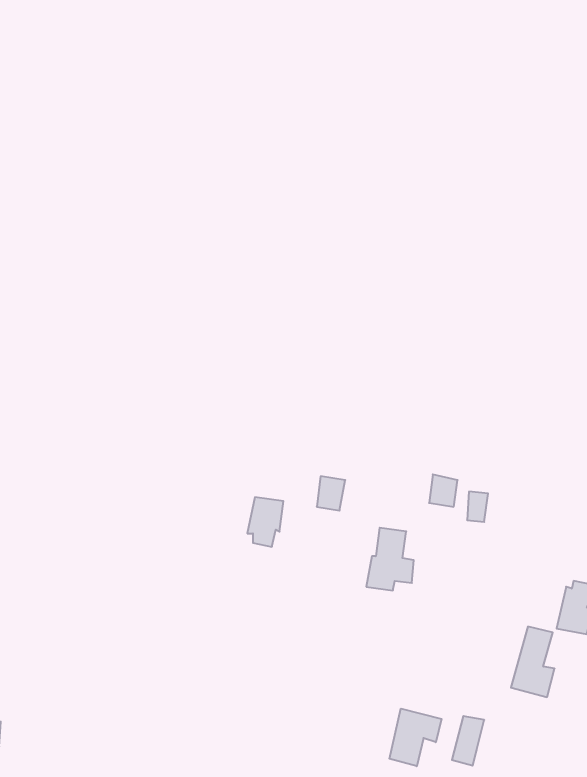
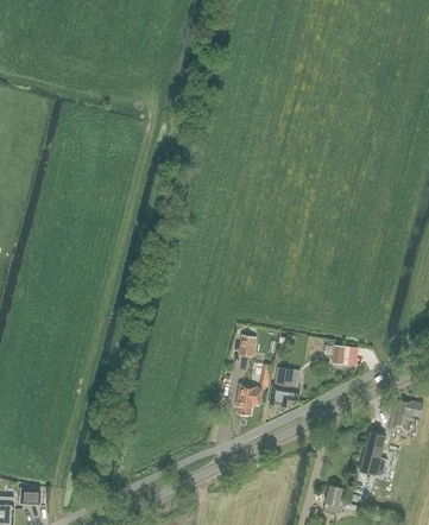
building: [247,497,283,547] -> [235,384,258,415]
building: [389,709,442,766] -> none

